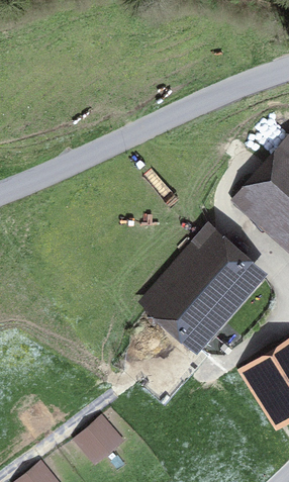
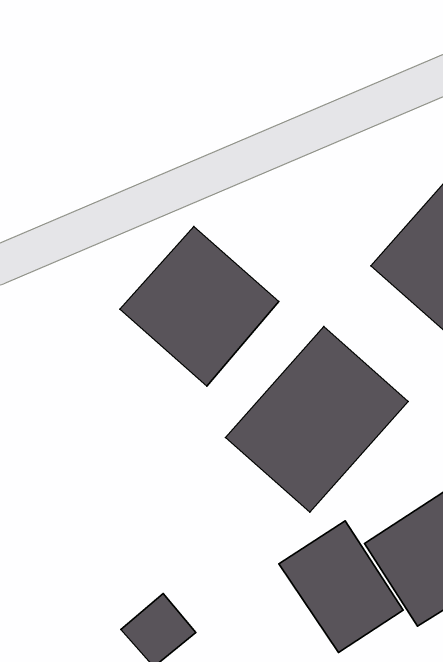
building: none -> [120,226,279,386]
building: none -> [279,521,403,653]

